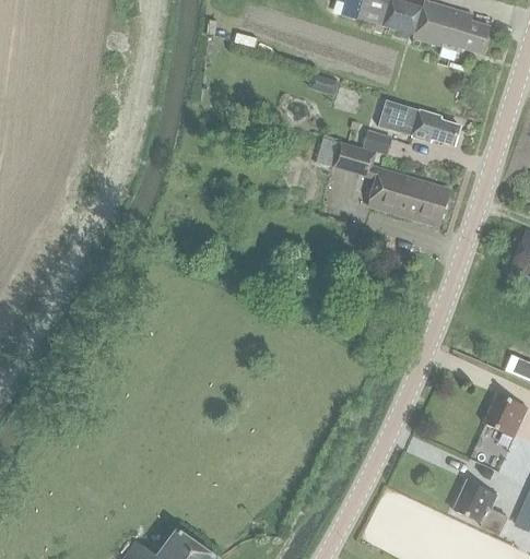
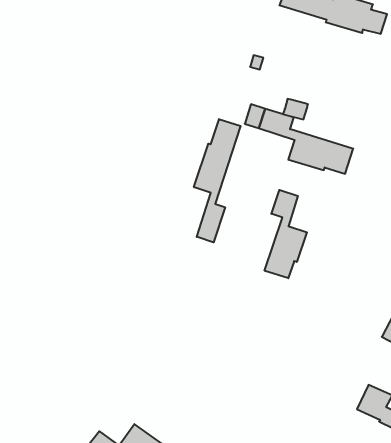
building: [378,98,461,144] -> none
building: none -> [194,119,241,242]
building: none -> [265,190,307,278]

